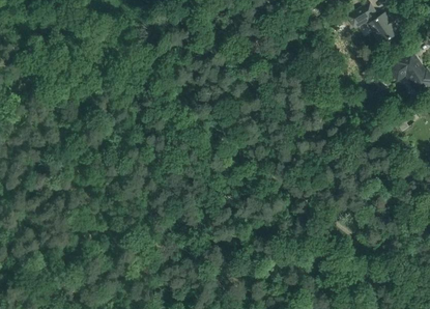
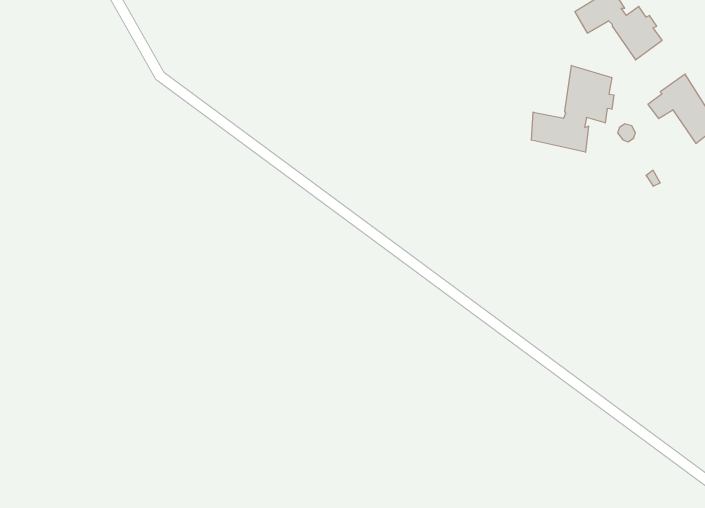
building: none -> [531,65,614,152]

